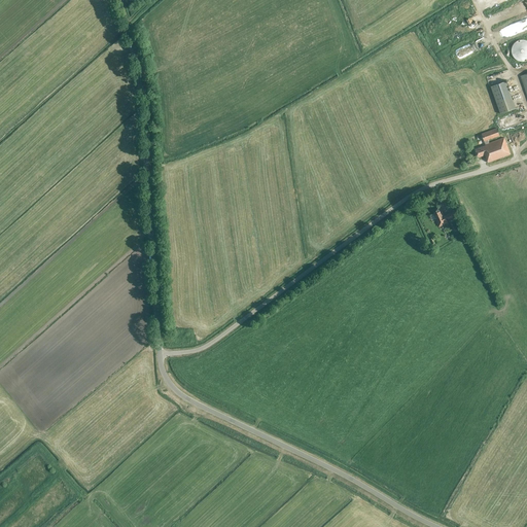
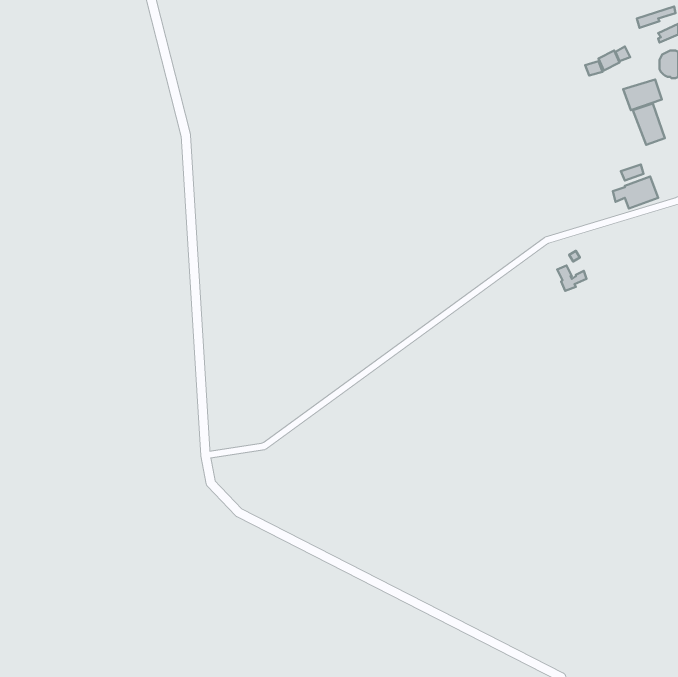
building: none -> [623,80,662,110]

